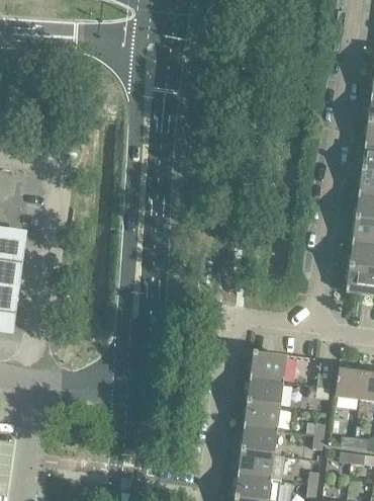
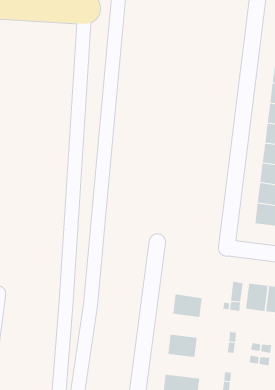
building: [250,353,286,383] -> none
building: [244,402,280,430] -> none
building: [238,450,285,480] -> none

